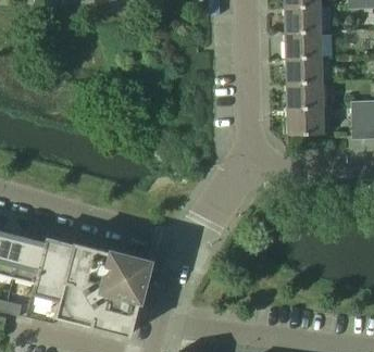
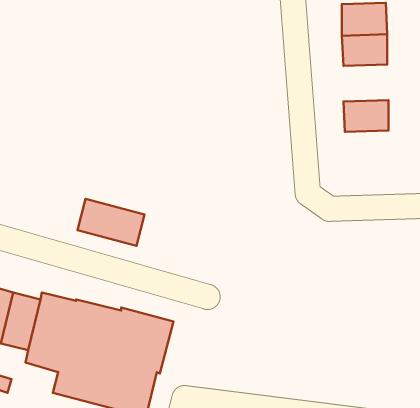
building: [286,56,322,86] -> none
building: [287,109,323,135] -> none
building: none -> [77,199,144,246]

